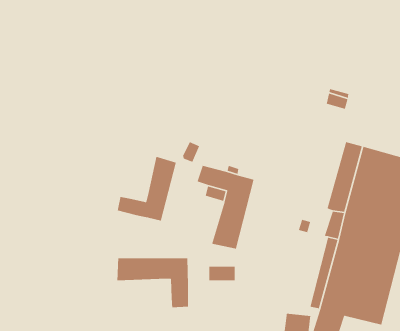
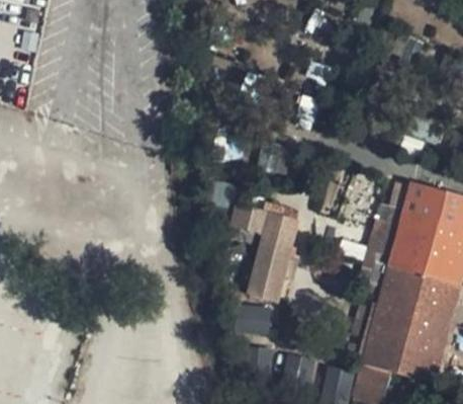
building: [117,156,177,222] -> none
building: [117,257,189,308] -> none

